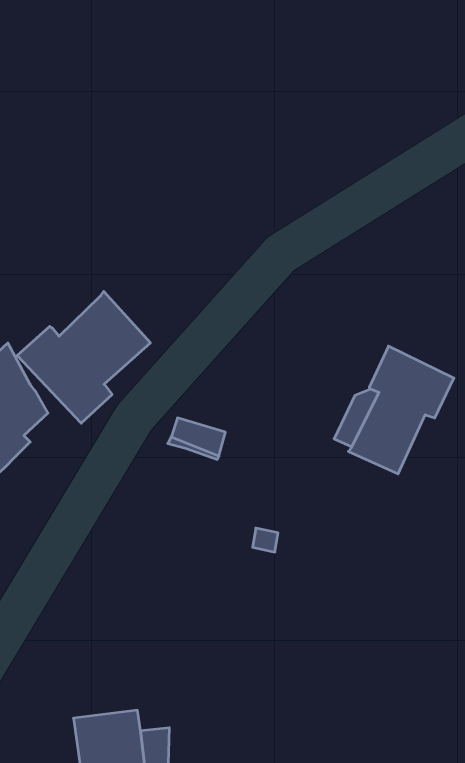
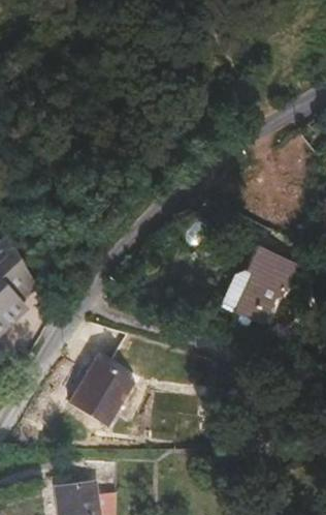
building: [17,291,150,423] -> none
building: none -> [78,359,142,427]

